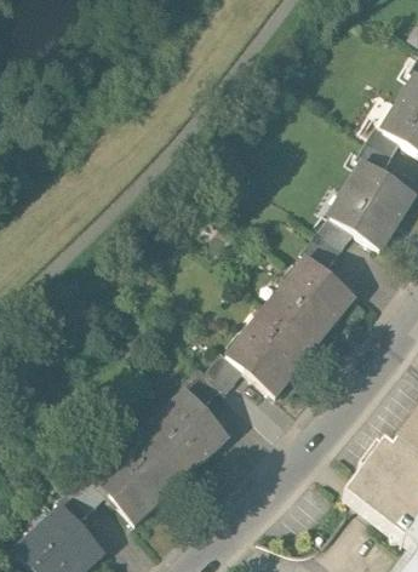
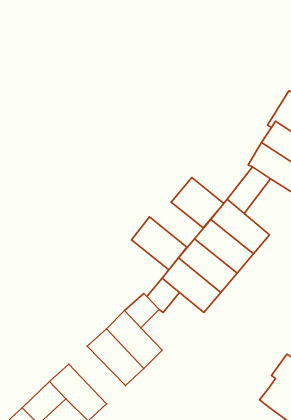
building: none -> [171,178,224,228]
building: none -> [132,217,187,270]
building: [116,431,184,501] -> none

